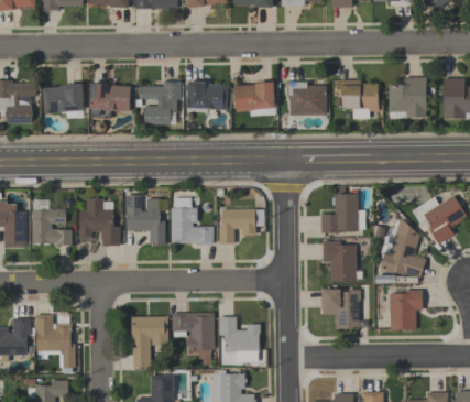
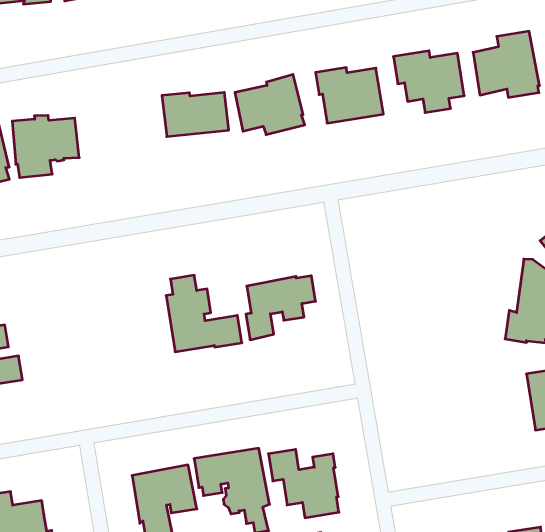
building: [140,80,181,124] -> none
building: [321,193,365,232] -> none
building: [127,194,165,243] -> none
building: [78,198,120,246] -> none
building: [323,241,356,281] -> none
building: [321,287,360,328] -> none

